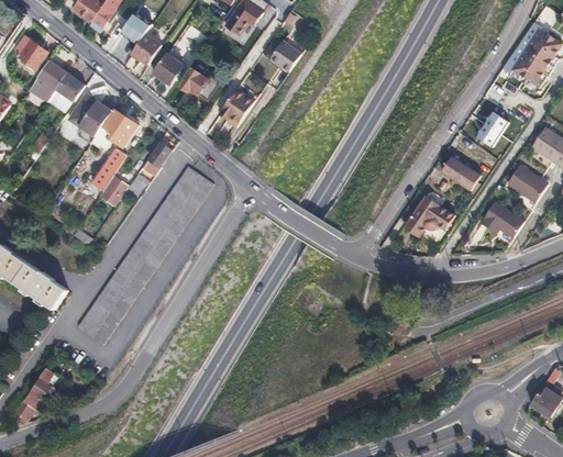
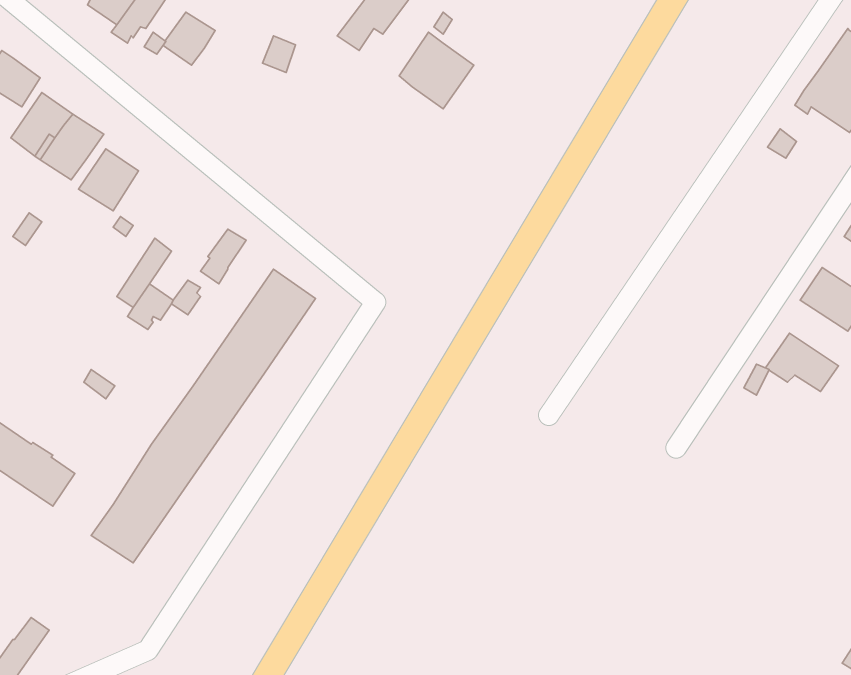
building: [132,34,162,64] -> none
building: [154,54,184,83] -> none
building: [179,68,219,99] -> none
building: [220,88,255,123] -> none
building: [98,109,137,147] -> none
building: [474,110,506,145] -> none
building: [442,157,479,190] -> none
building: [406,193,455,233] -> none

